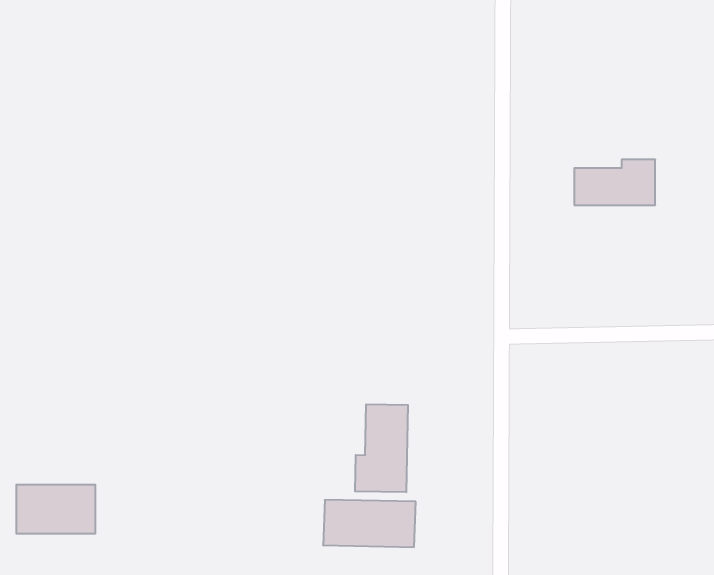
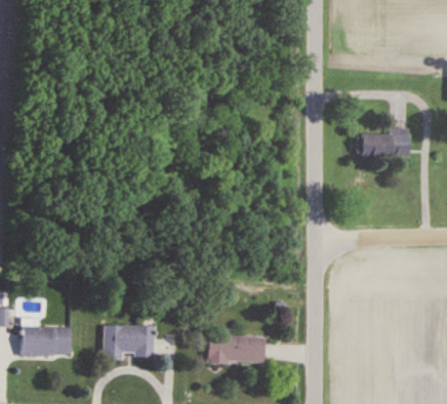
building: [355,404,408,492] -> none
building: none -> [103,325,154,360]

